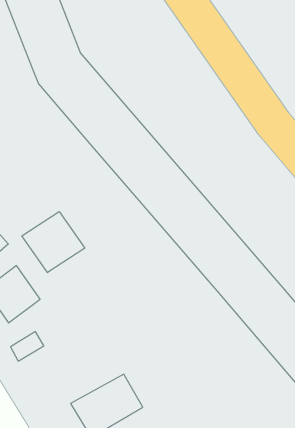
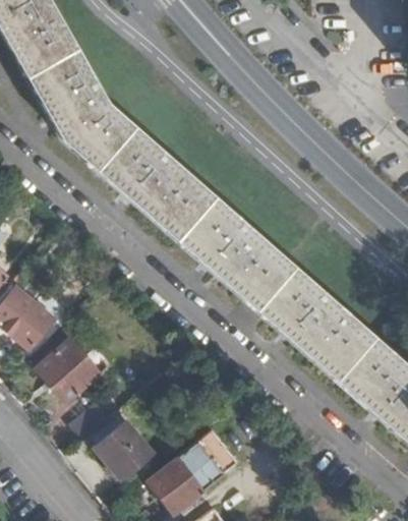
building: [22,212,85,273] -> none
building: none -> [96,421,152,477]

